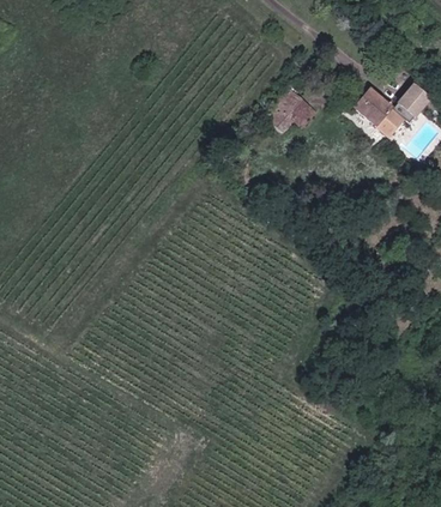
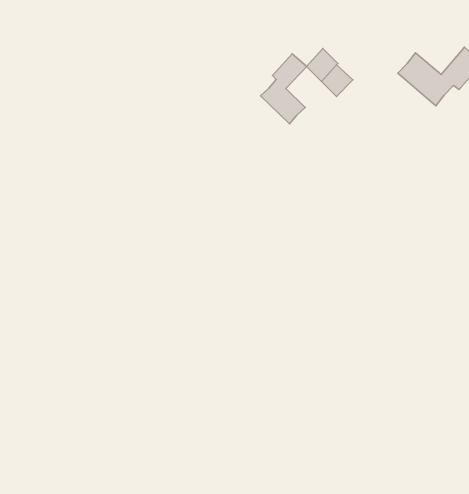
building: none -> [260,54,307,124]

